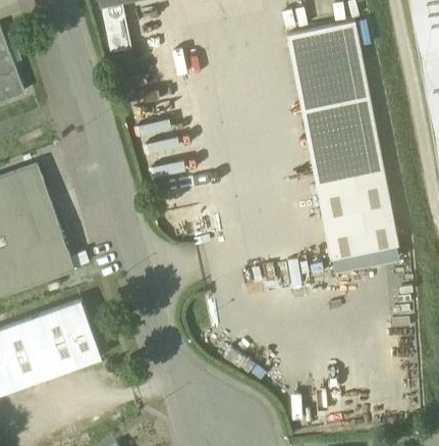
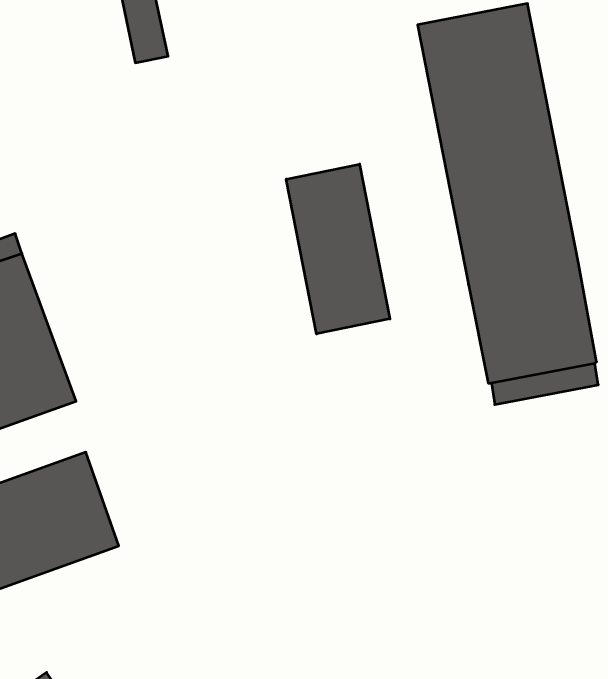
building: none -> [286,164,390,334]

